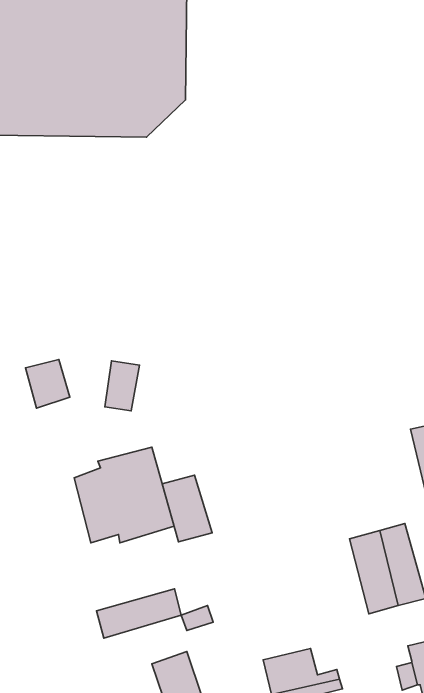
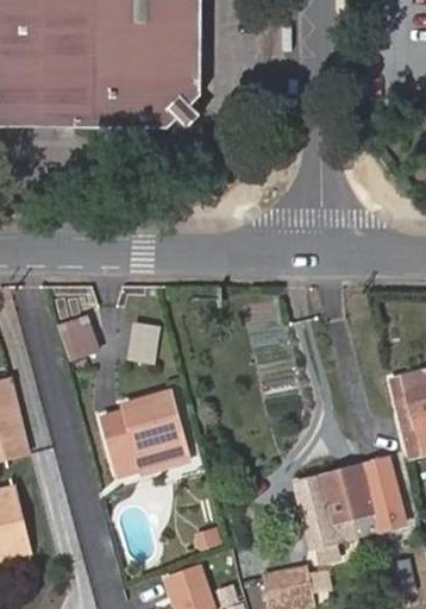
building: [162,475,212,542] -> none
building: none -> [297,471,356,560]
building: [97,589,181,638] -> none

